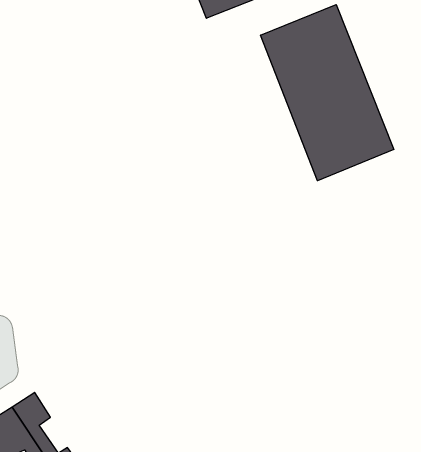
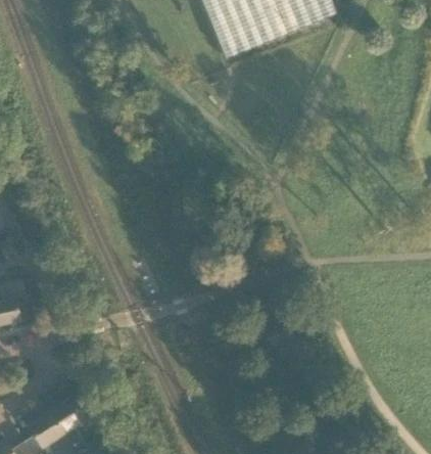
building: [261,5,394,181] -> none

